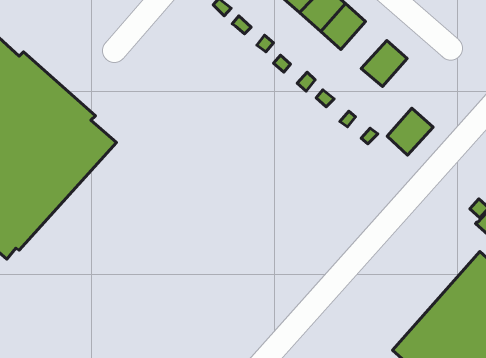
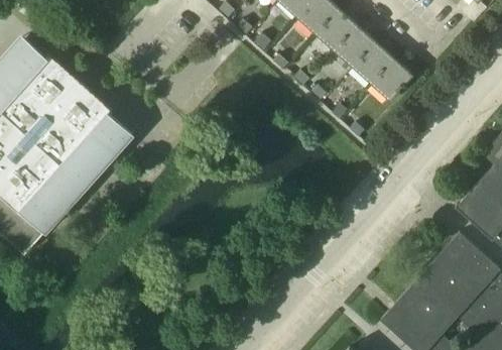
building: none -> [334,25,375,68]
building: [387,108,433,155] -> [371,59,412,101]

